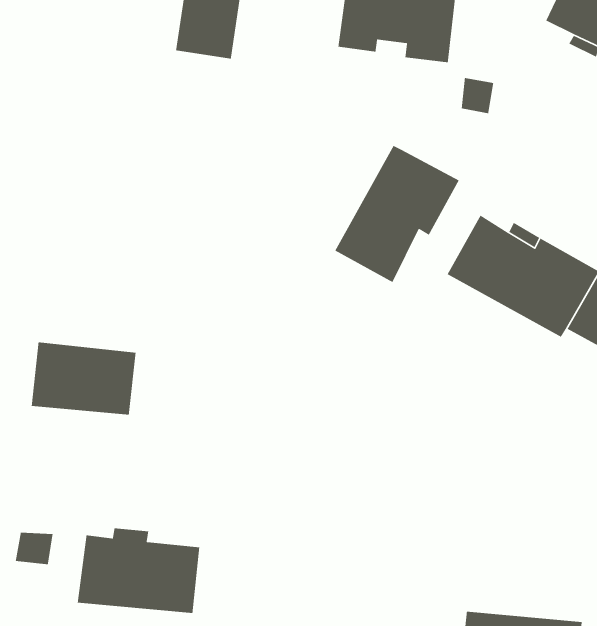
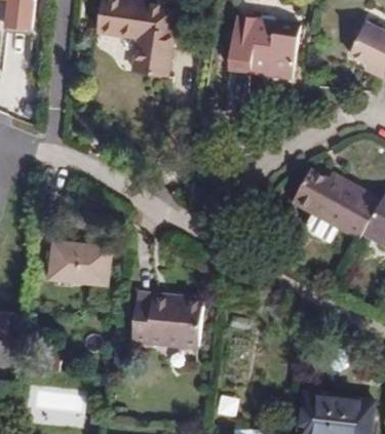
building: [334,145,460,283] -> none
building: [77,527,200,614] -> [129,300,201,350]

